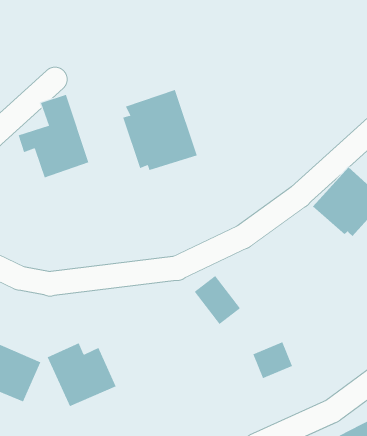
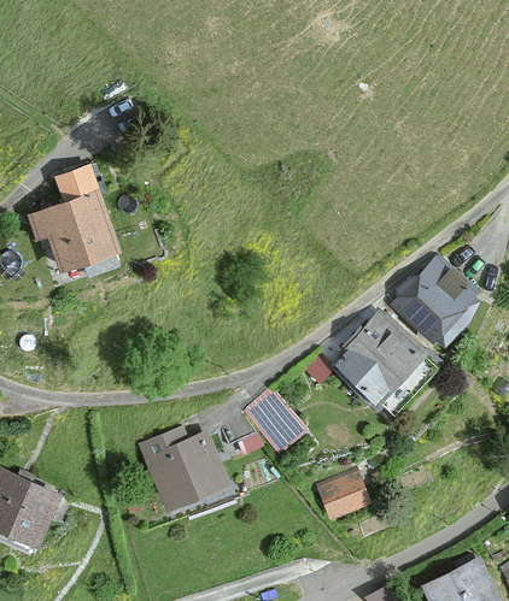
building: [122,89,197,171] -> none
building: none -> [335,316,423,403]
building: [47,342,116,407] -> [140,428,226,507]

